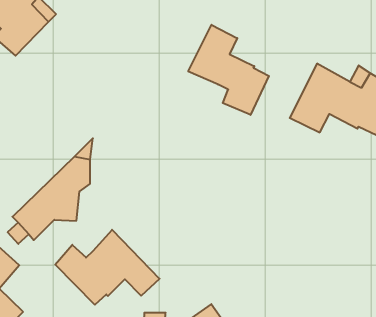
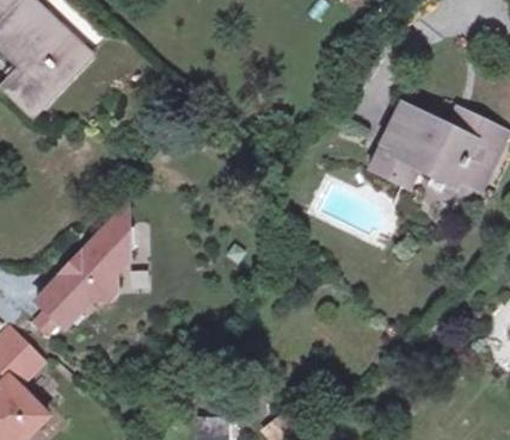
building: [188,25,269,115] -> none
building: [55,230,160,305] -> none

